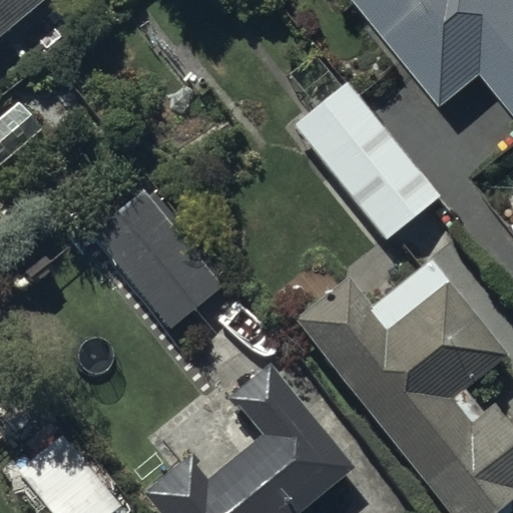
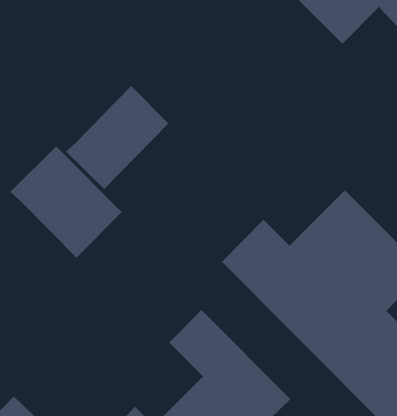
building: [293,78,445,244] -> none
building: none -> [65,85,169,190]

